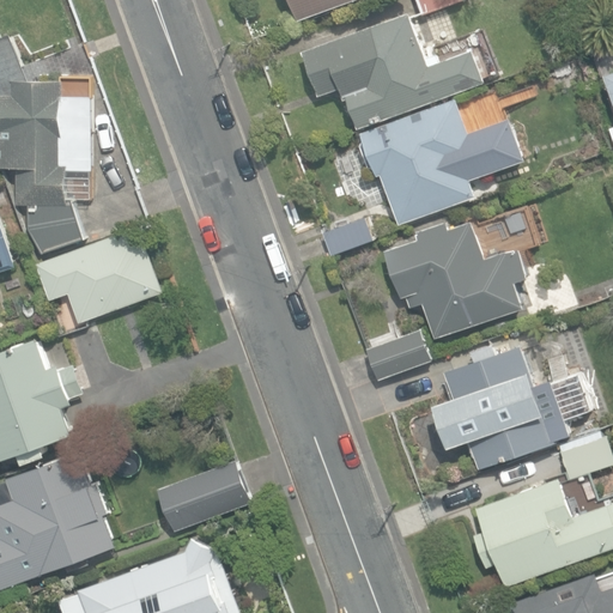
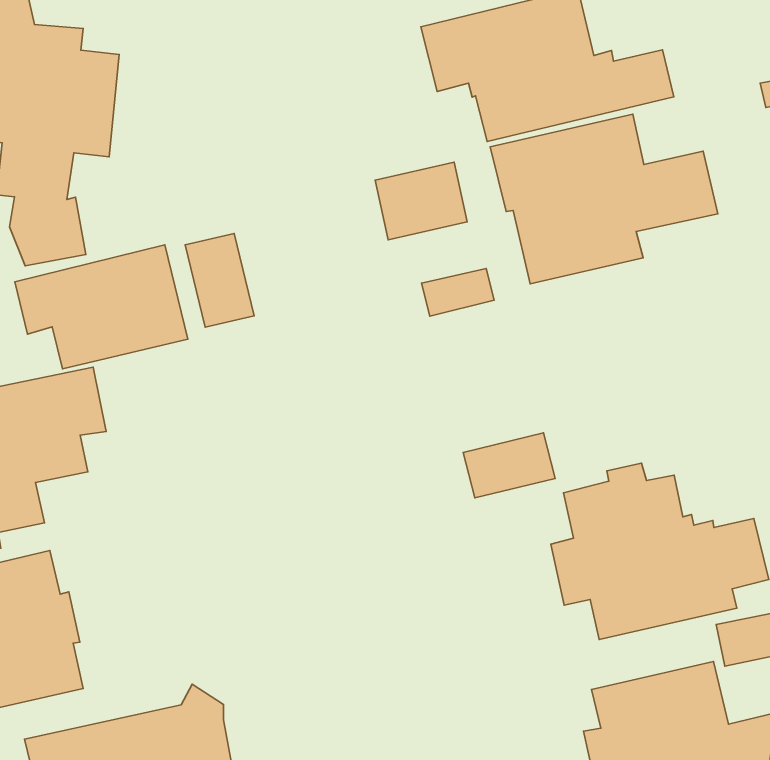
building: none -> [375,162,467,240]
building: none -> [185,234,254,327]
building: [382,221,527,339] -> none
building: [156,461,249,533] -> none

